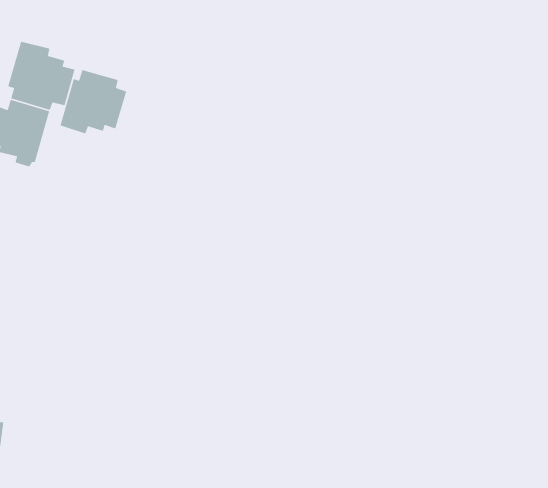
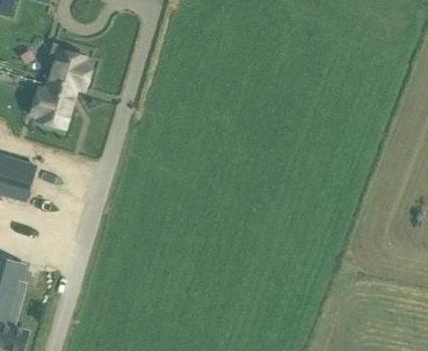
building: [60,69,127,135] -> none

